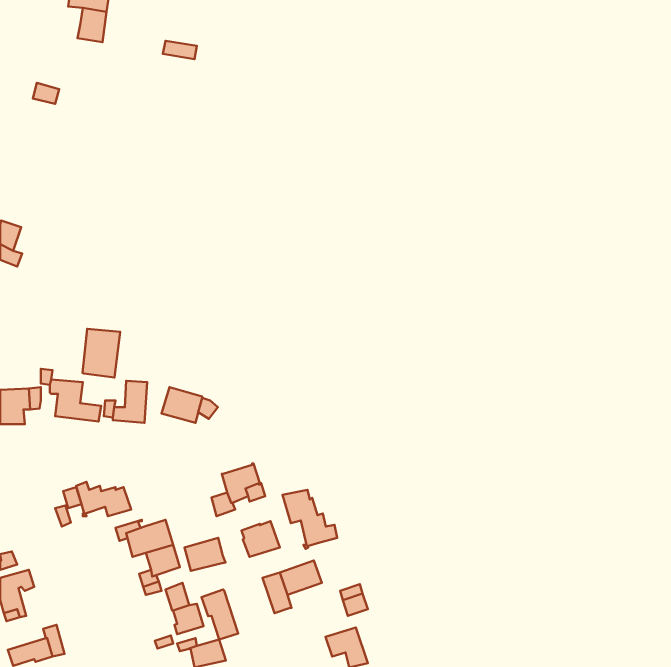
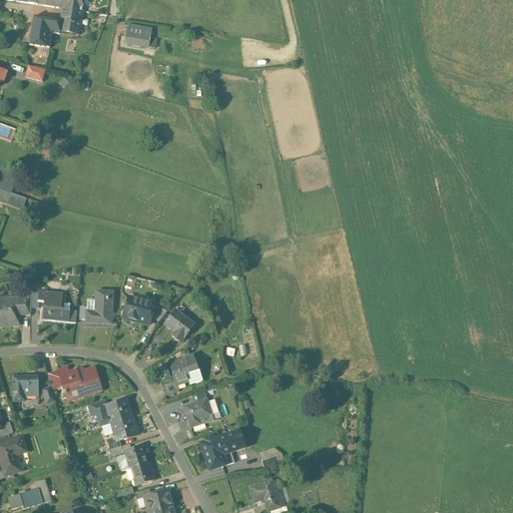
building: none -> [29,14,61,46]
building: [82,329,120,377] -> none
building: none -> [164,310,194,341]
building: [282,490,337,549] -> none
building: none -> [12,375,37,400]
building: [184,538,225,571] -> none
building: [202,589,238,639] -> none

